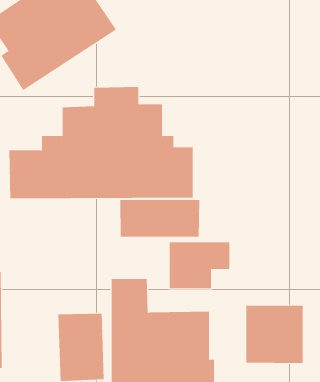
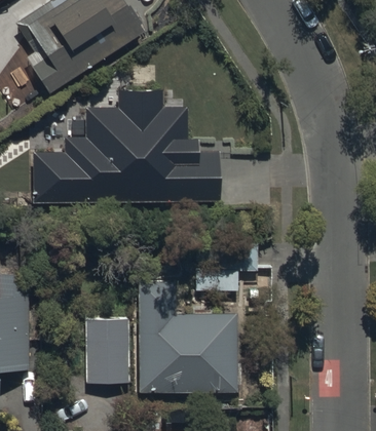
building: [120,199,200,238] -> none
building: [246,305,303,364] -> none

